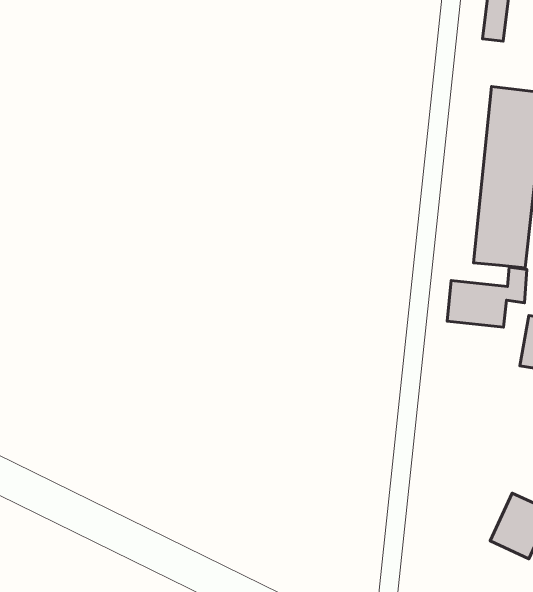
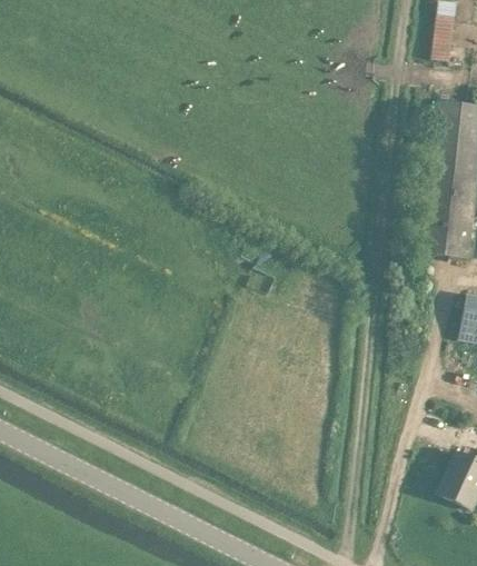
building: [447,267,527,327] -> none

